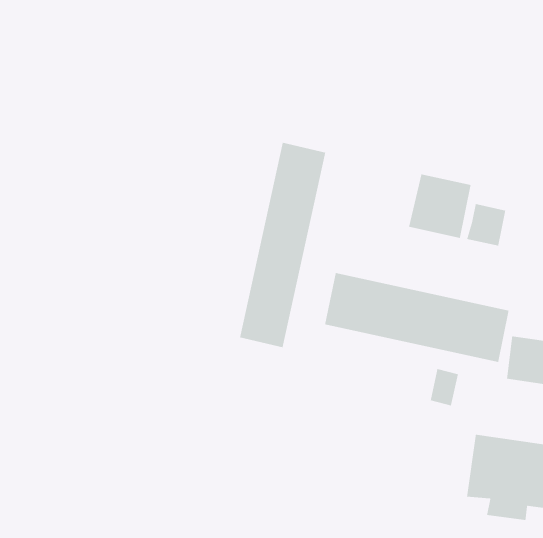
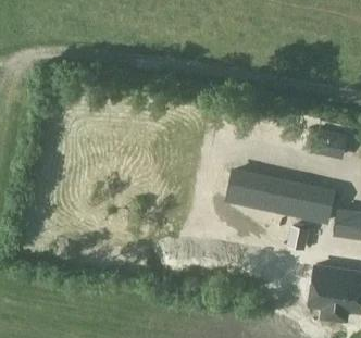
building: [239,142,326,348] -> none
building: [408,174,471,239] -> none

